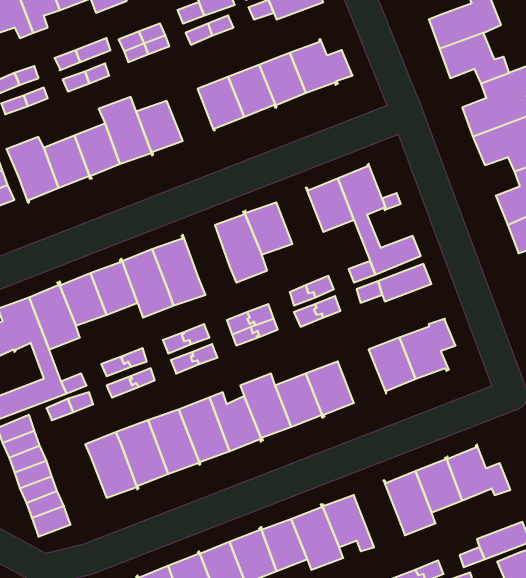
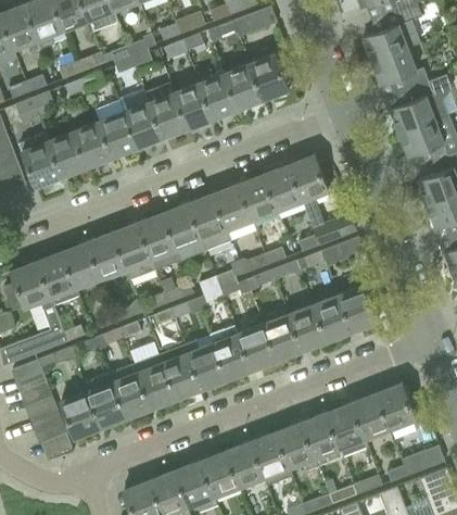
building: none -> [145,81,188,136]
building: none -> [239,174,277,219]
building: none -> [163,204,201,248]
building: none -> [289,305,328,349]
building: none -> [62,392,101,438]
building: none -> [302,412,340,466]

